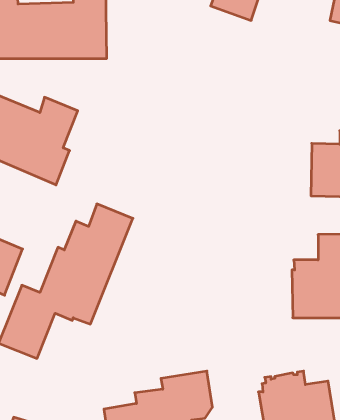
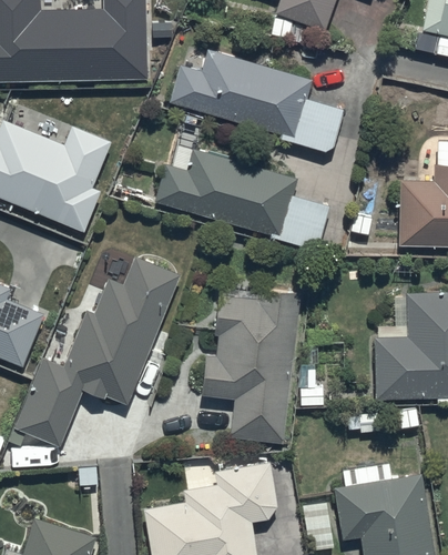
building: none -> [167,49,344,152]
building: none -> [154,149,329,250]
building: none -> [200,289,298,444]

